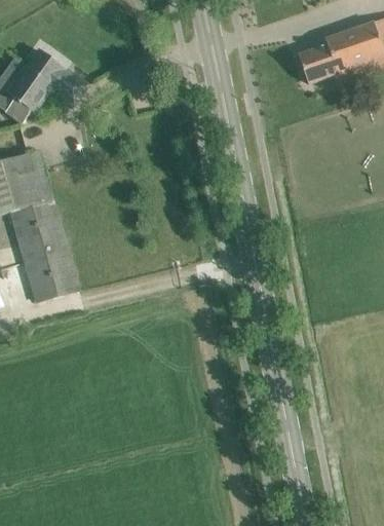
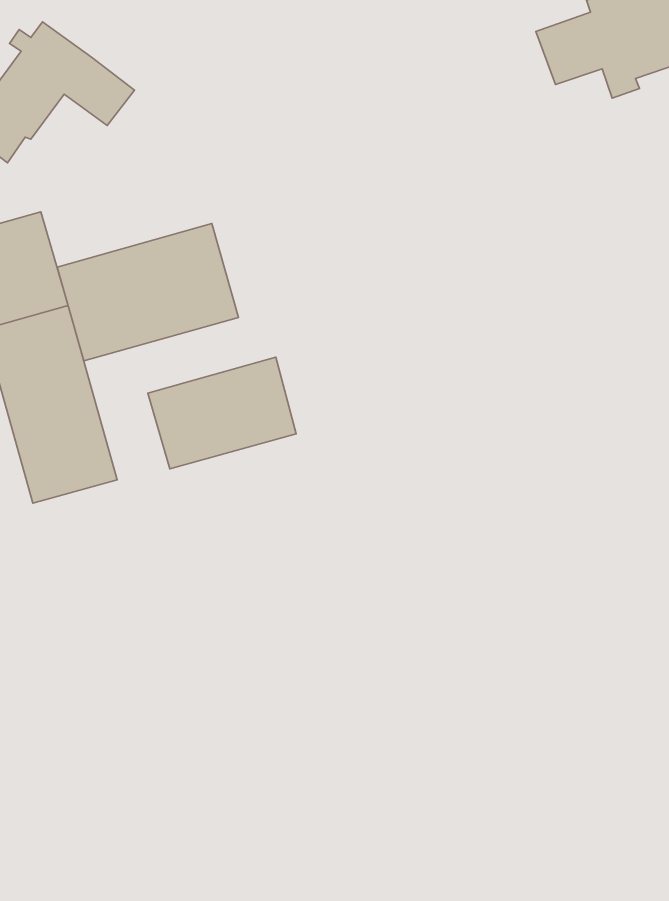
building: none -> [57,224,238,361]
building: none -> [148,357,296,469]

